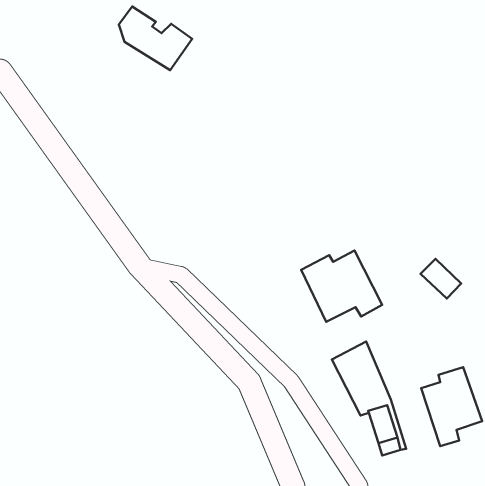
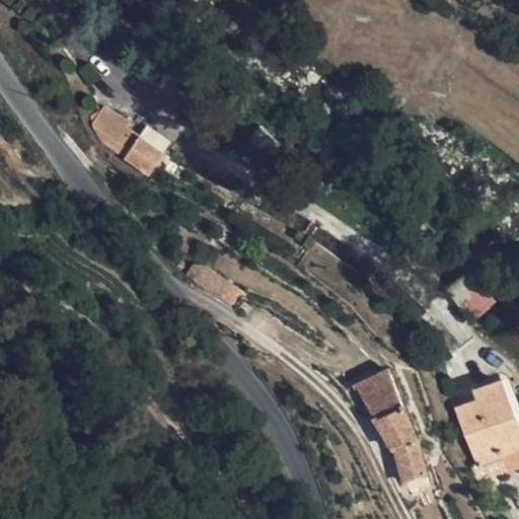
building: [119,7,192,70] -> [93,106,171,174]
building: [301,250,382,322] -> none

